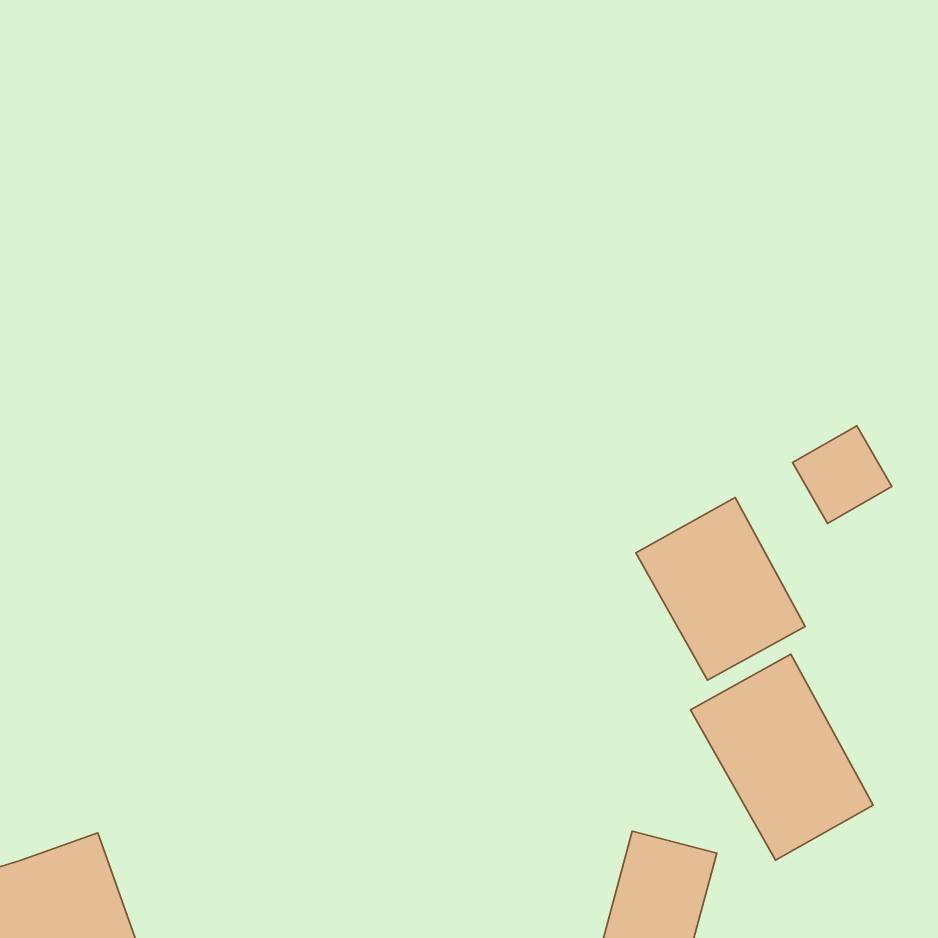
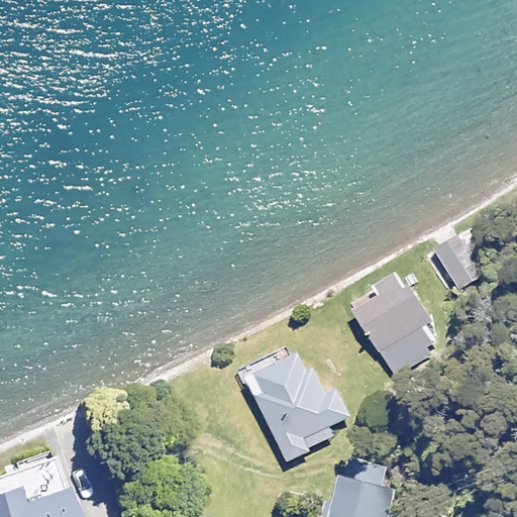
building: none -> [240,349,353,461]
building: [690,654,873,860] -> none

